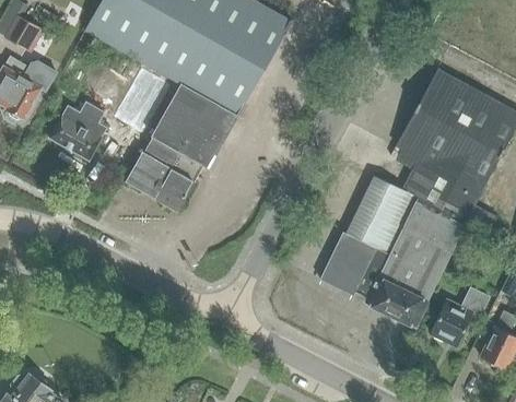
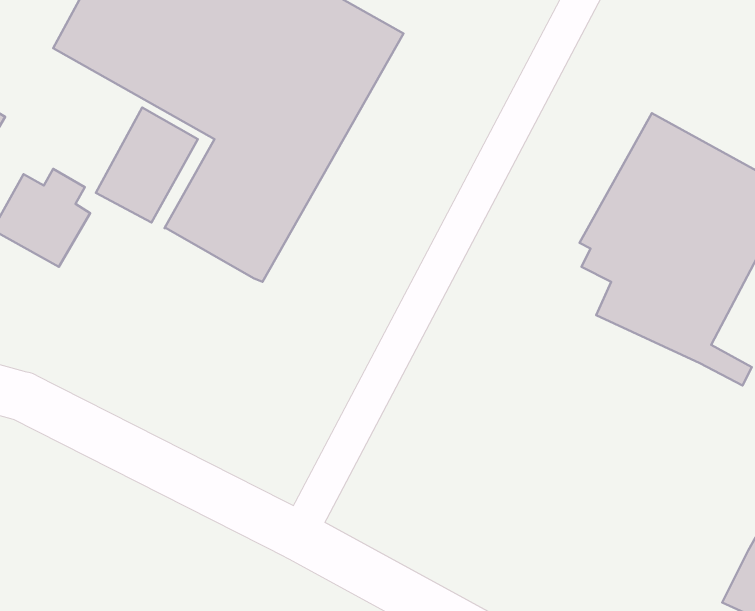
building: [126,137,203,212] -> none
building: [319,175,467,326] -> none
building: [429,288,489,347] -> none

